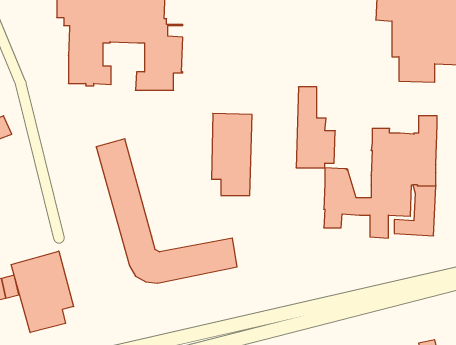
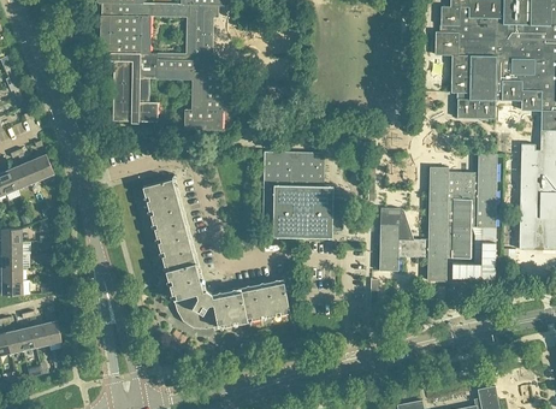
building: [296,87,335,168] -> [302,153,343,237]
building: [11,251,74,333] -> none

